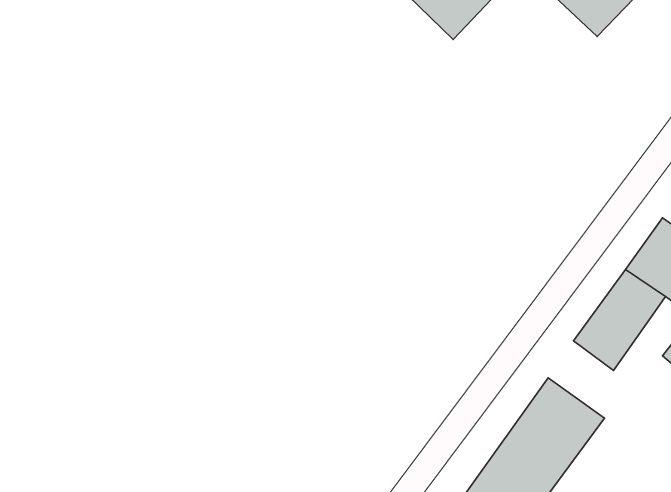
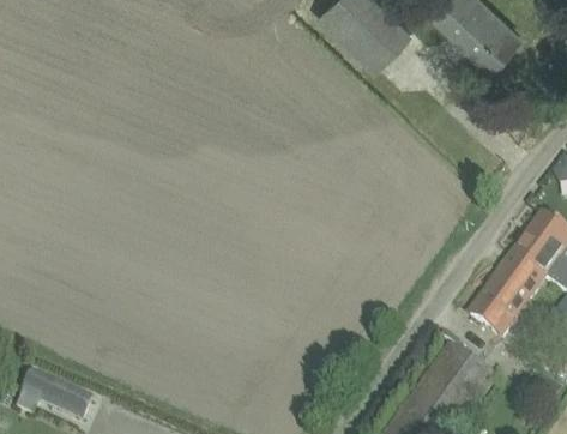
building: none -> [19,367,90,417]

